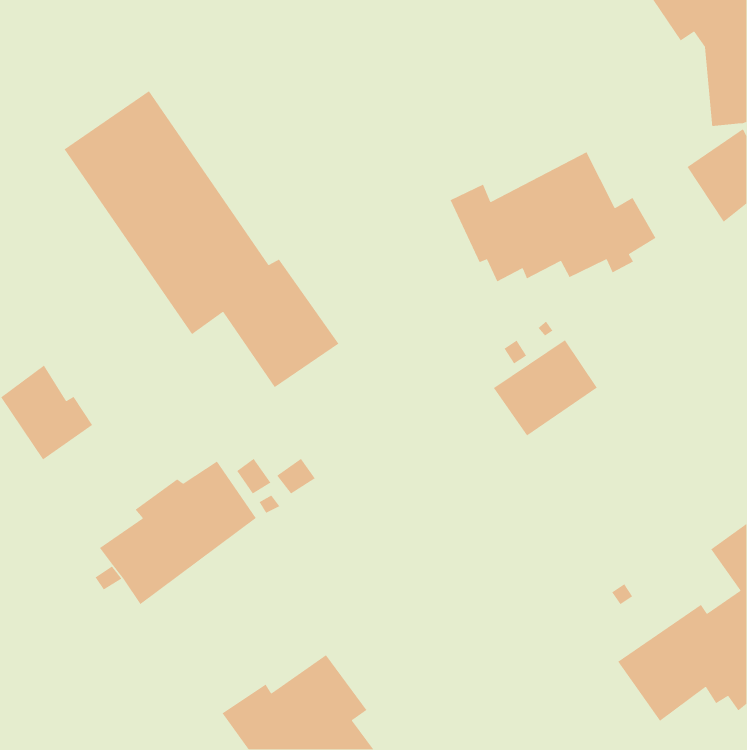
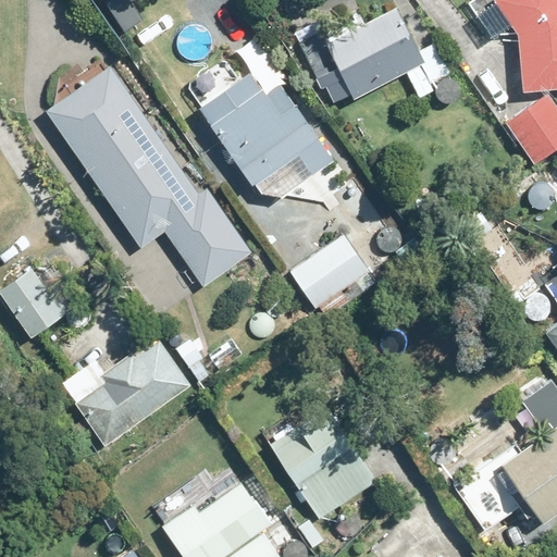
building: none -> [201,74,334,193]
building: [450,151,656,282] -> [297,7,449,103]
building: [493,339,598,437] -> [289,236,367,308]
building: none -> [275,408,376,512]

